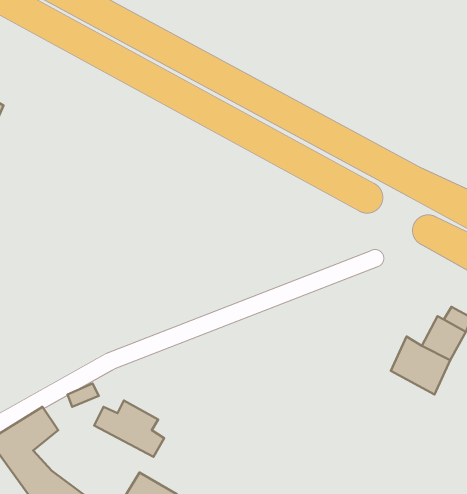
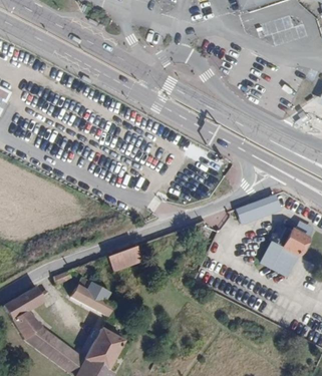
building: none -> [233,194,279,225]
building: none -> [104,248,137,274]

